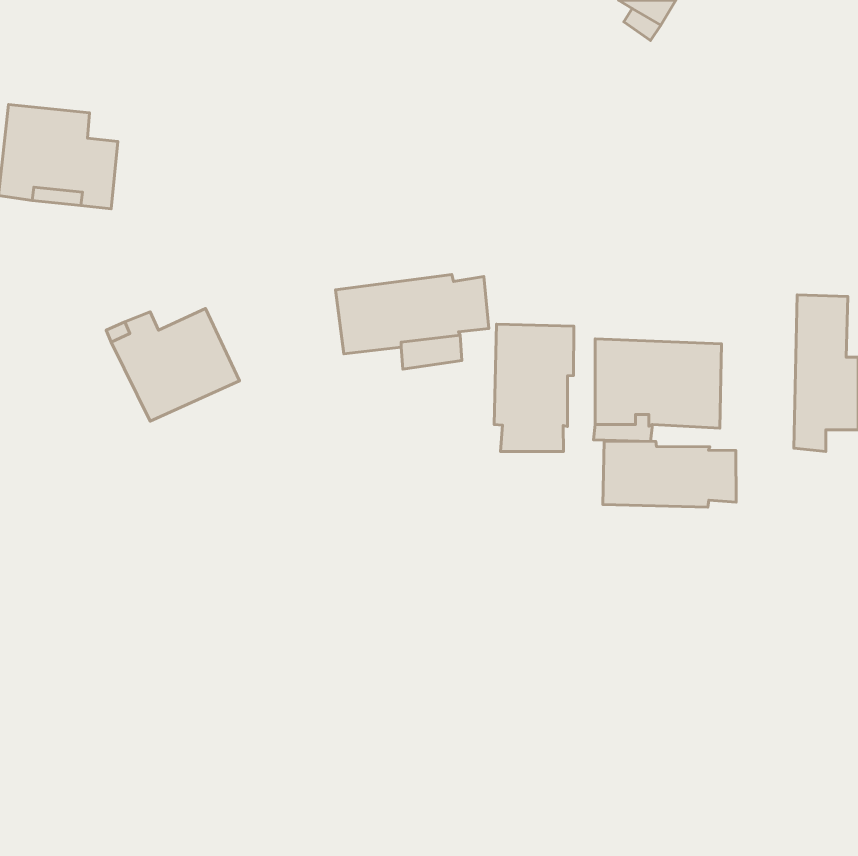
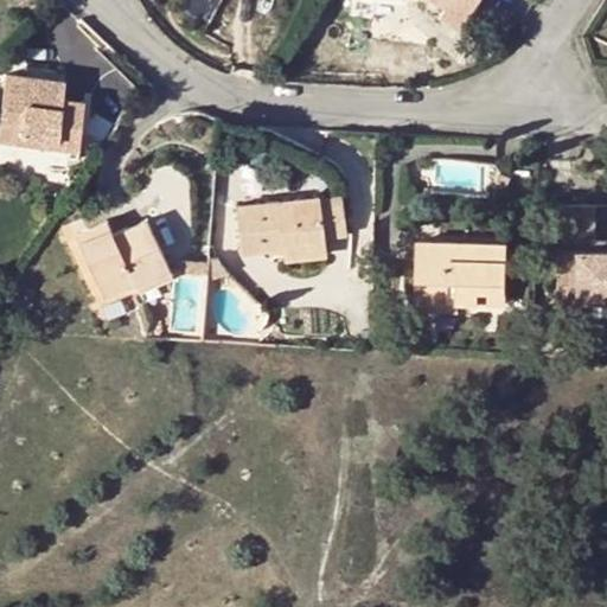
building: [494,324,574,452] -> none
building: [603,441,736,507] -> none

